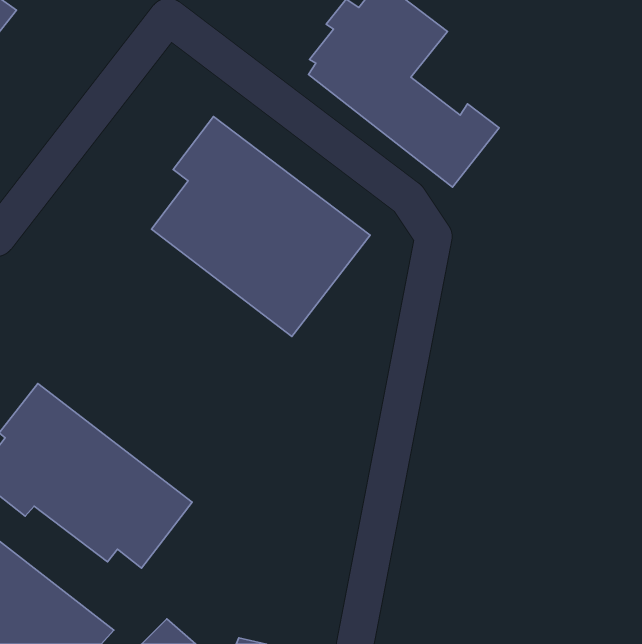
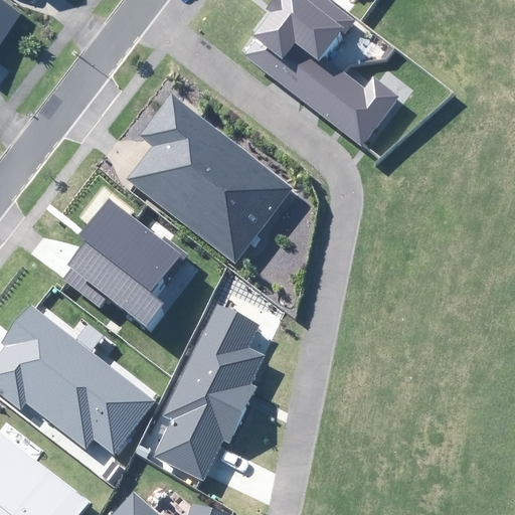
building: none -> [62,200,186,329]
building: none -> [152,307,265,482]

